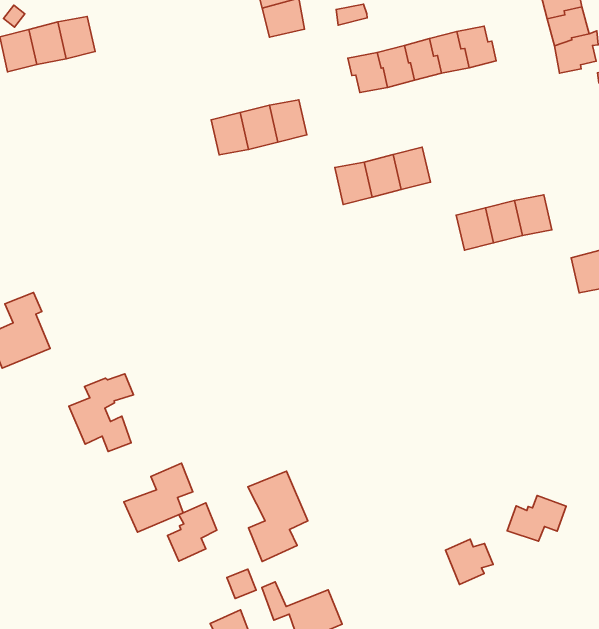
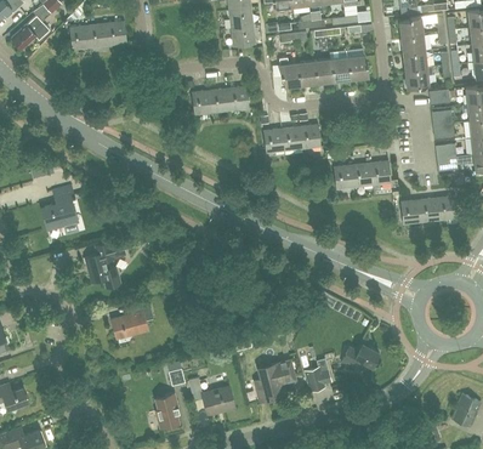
building: [248,471,308,561] -> none
building: [167,503,217,561] -> none
building: none -> [255,360,297,402]

